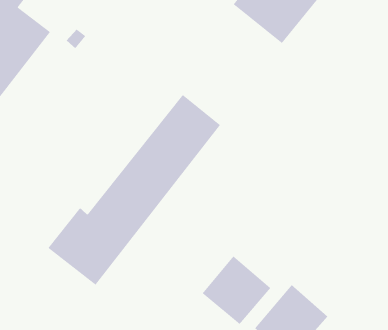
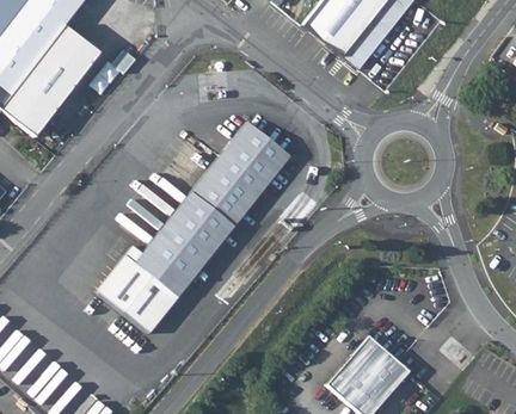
building: [202,256,271,325] -> none

